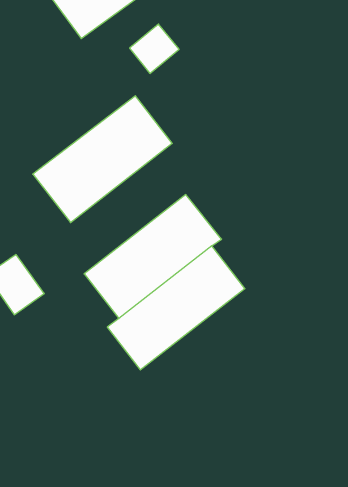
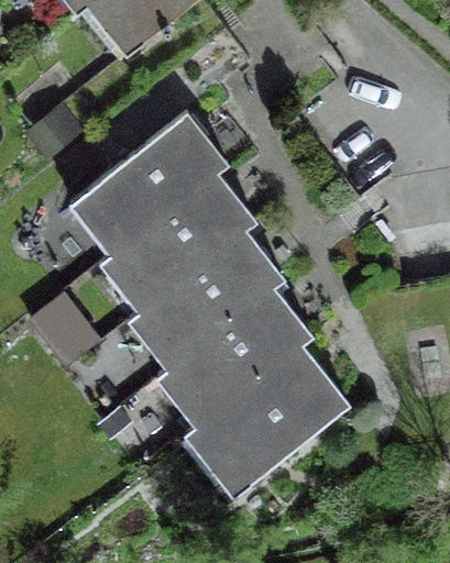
building: none -> [105,178,254,312]
building: none -> [188,344,349,493]

